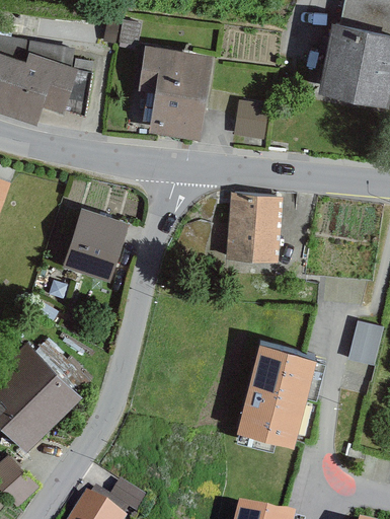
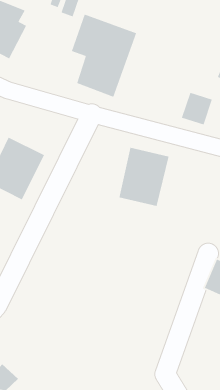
building: [231,100,265,138] -> [181,92,213,125]
building: [241,343,320,445] -> none

